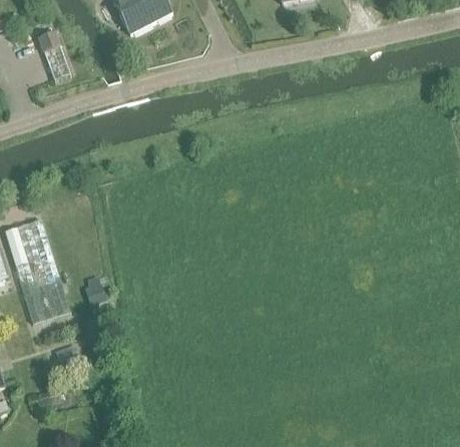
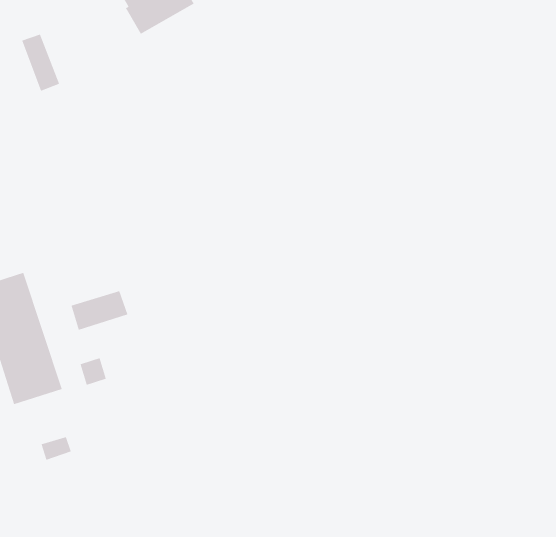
building: none -> [70,290,128,331]

